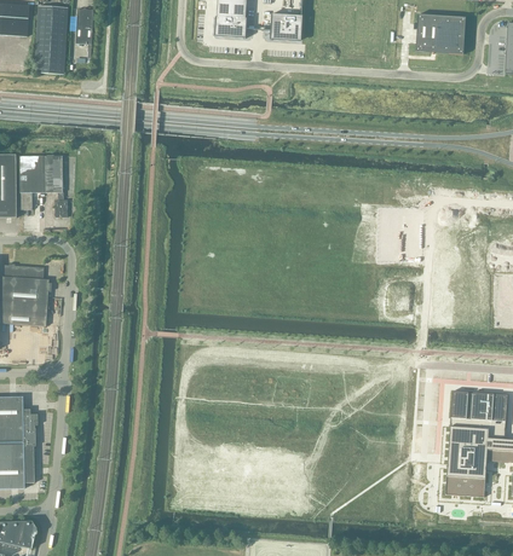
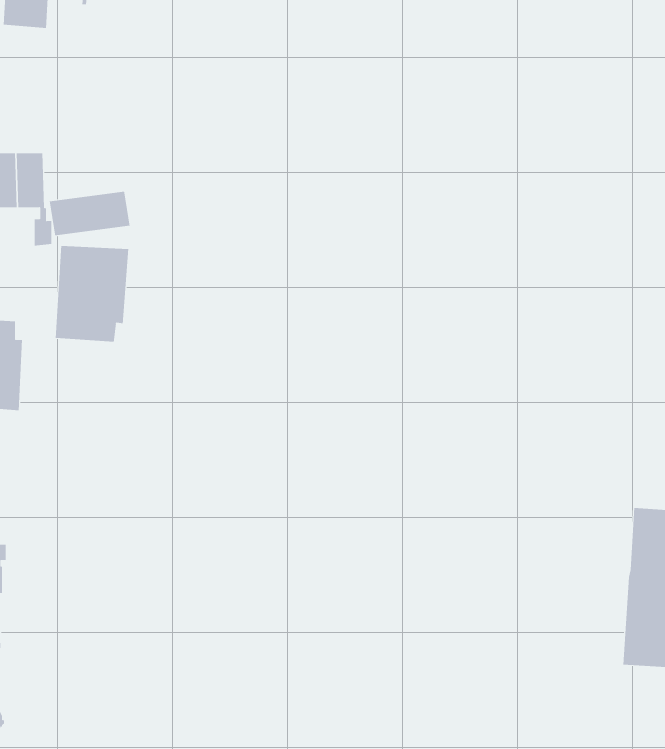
building: none -> [49,191,130,236]
building: none -> [55,245,129,342]

